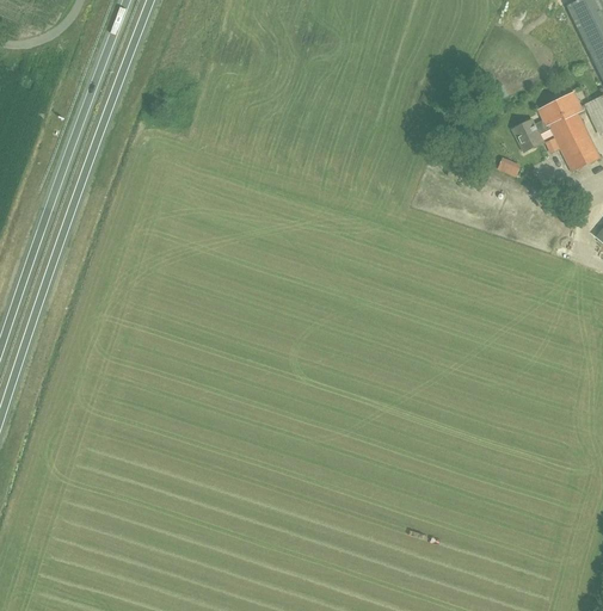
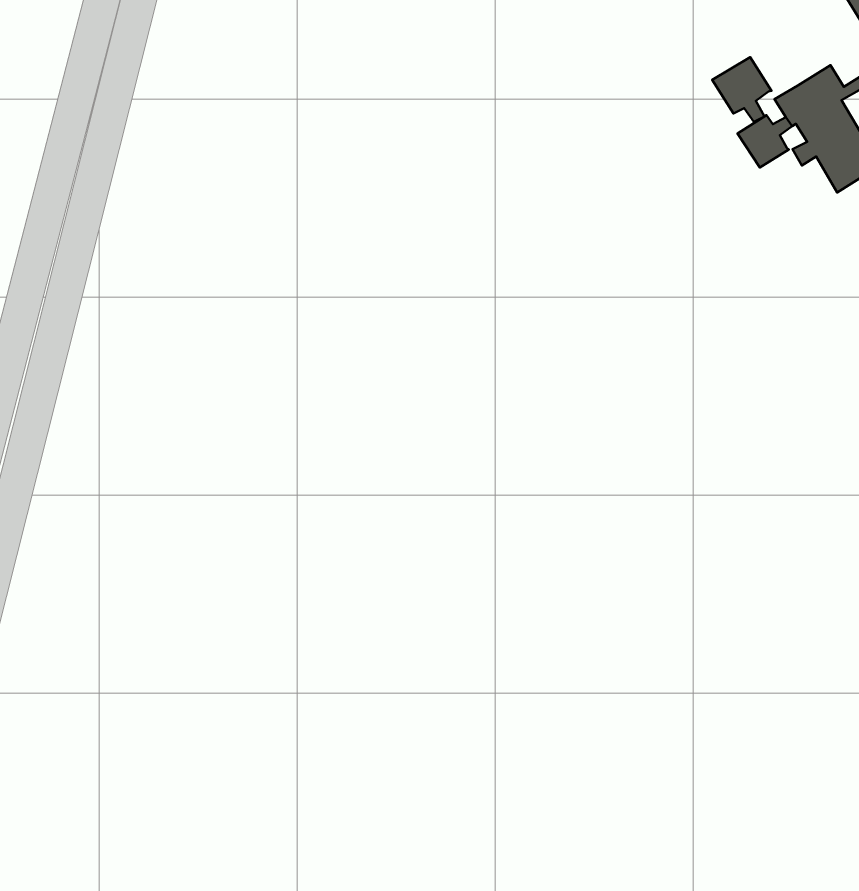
building: none -> [712,57,771,122]

